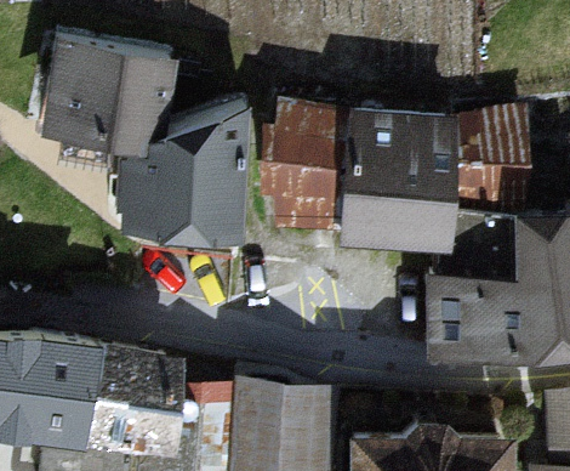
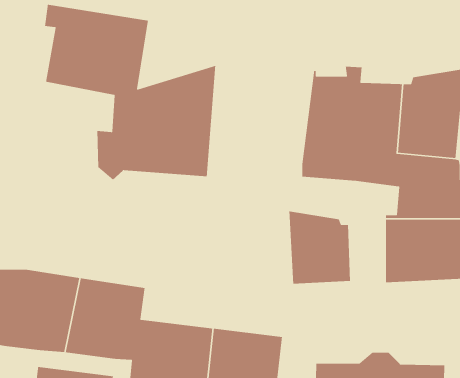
building: [278,103,350,219] -> none
building: none -> [289,210,351,284]

